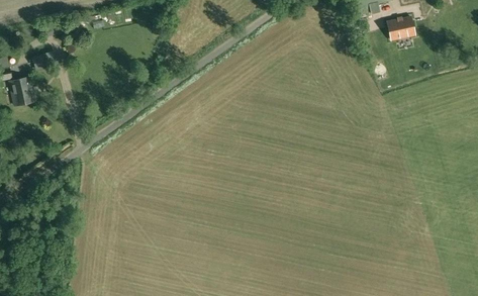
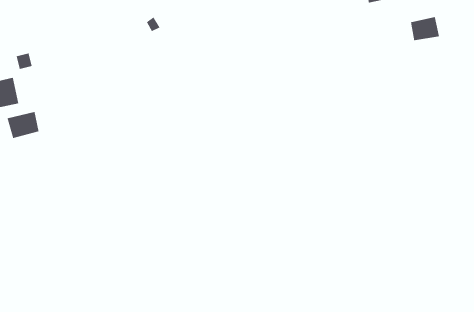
building: none -> [7,111,39,139]

